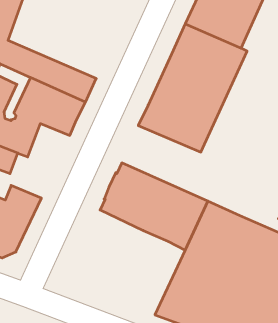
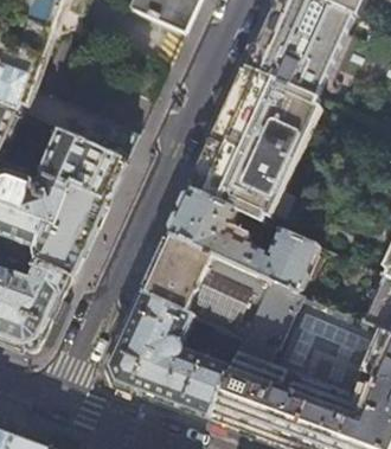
building: none -> [32,187,105,277]
building: none -> [168,190,331,299]
building: none -> [108,291,245,418]

